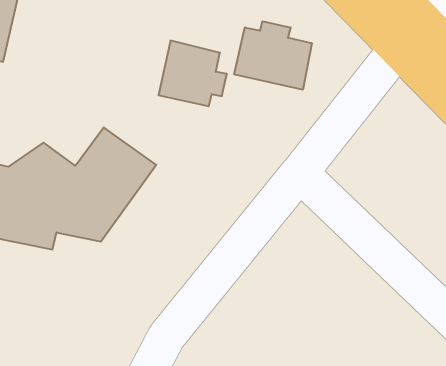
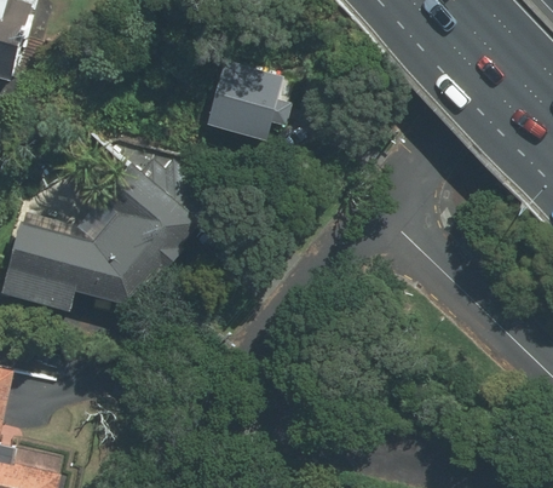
building: [234,21,312,90] -> none

